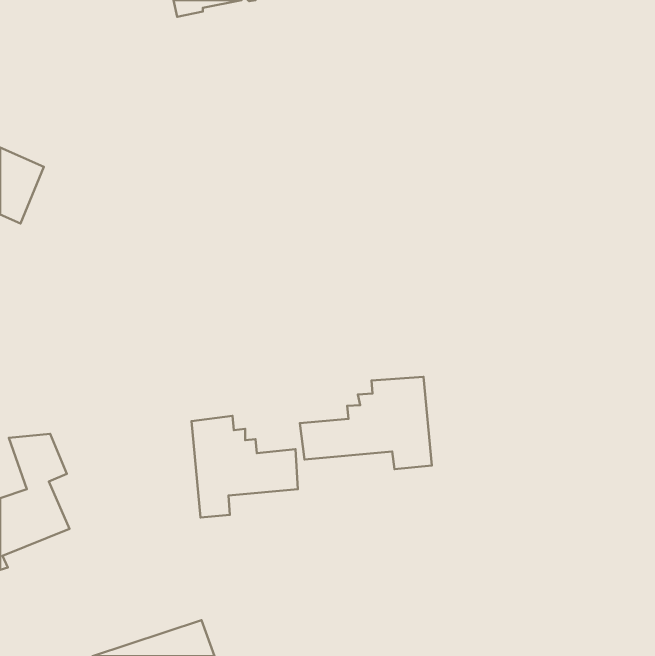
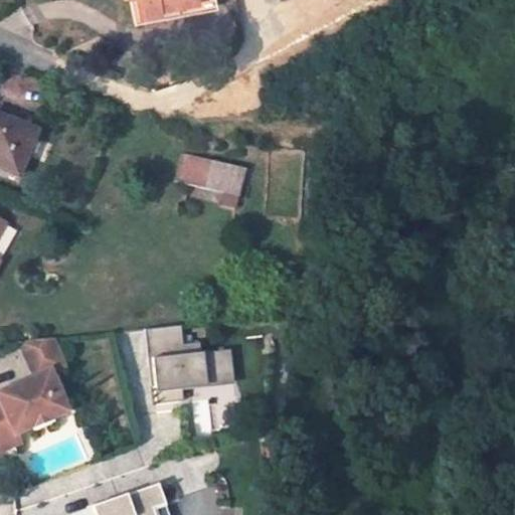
building: none -> [177,152,244,194]
building: [300,377,432,469] -> none

